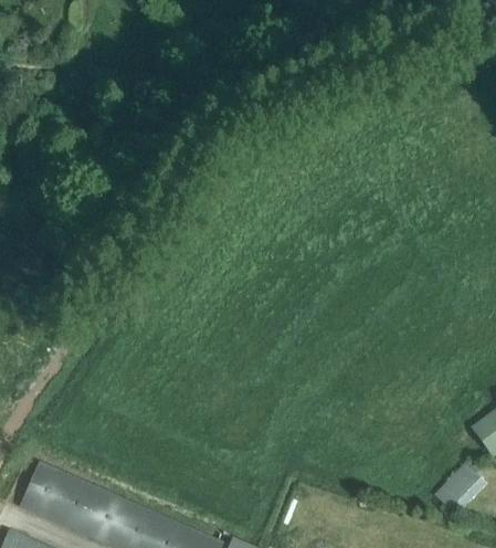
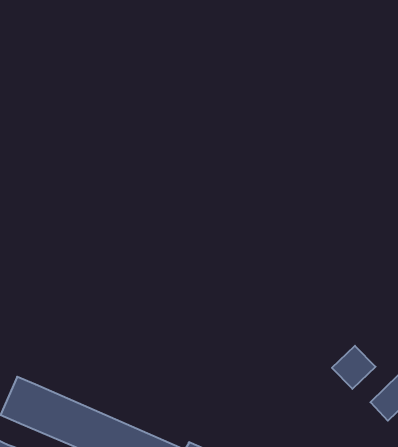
building: none -> [332,346,376,389]

